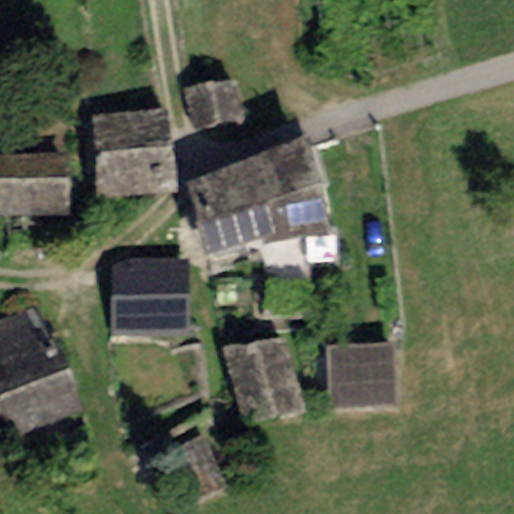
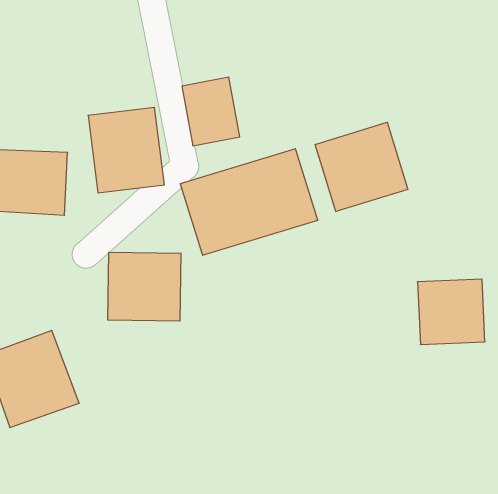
building: none -> [315,122,408,211]
building: [221,331,302,426] -> none
building: [332,337,402,405] -> [417,279,485,345]

